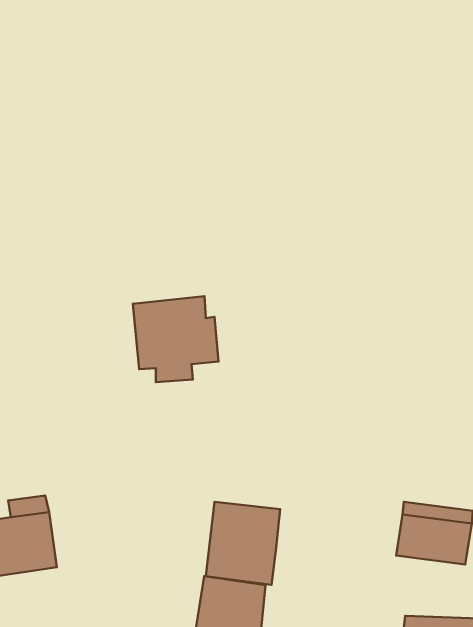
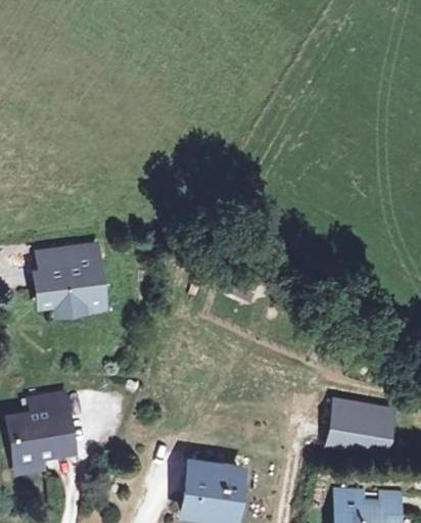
building: [133,296,219,382] -> [37,250,105,319]
building: [206,502,280,585] -> none

